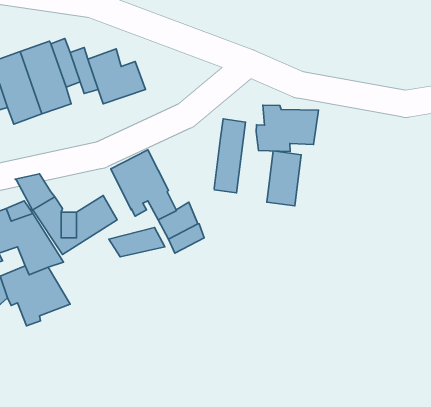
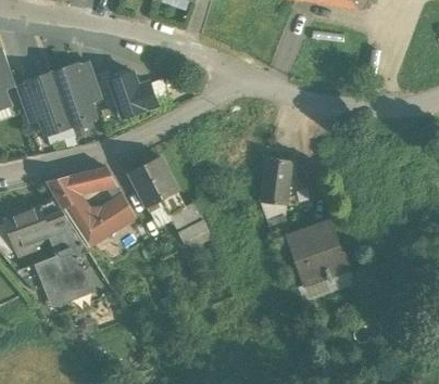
building: [256,105,319,151] -> none
building: [214,119,245,193] -> none
building: none -> [286,219,350,285]
building: [109,228,165,257] -> [67,167,115,192]

